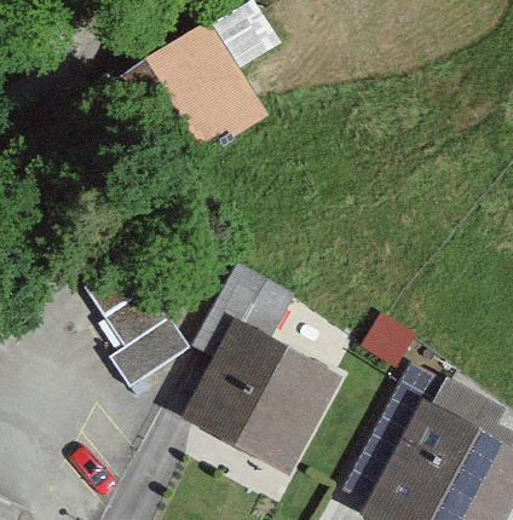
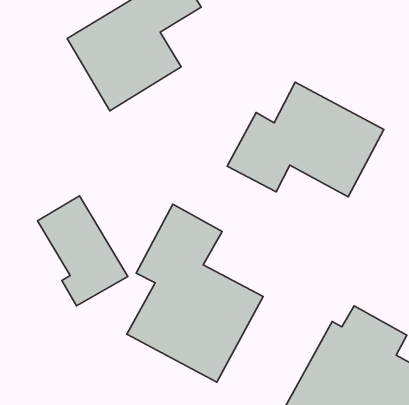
building: none -> [227,82,384,197]

